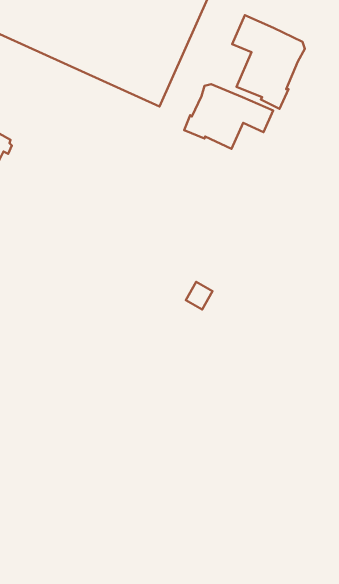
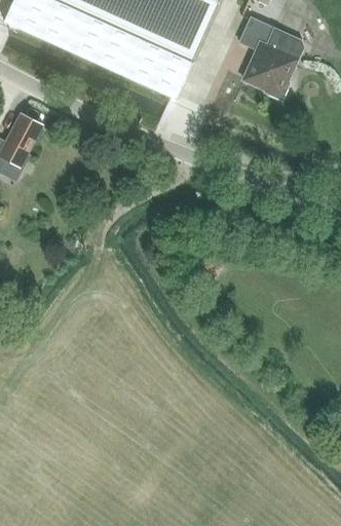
building: [184,84,273,149] -> none

